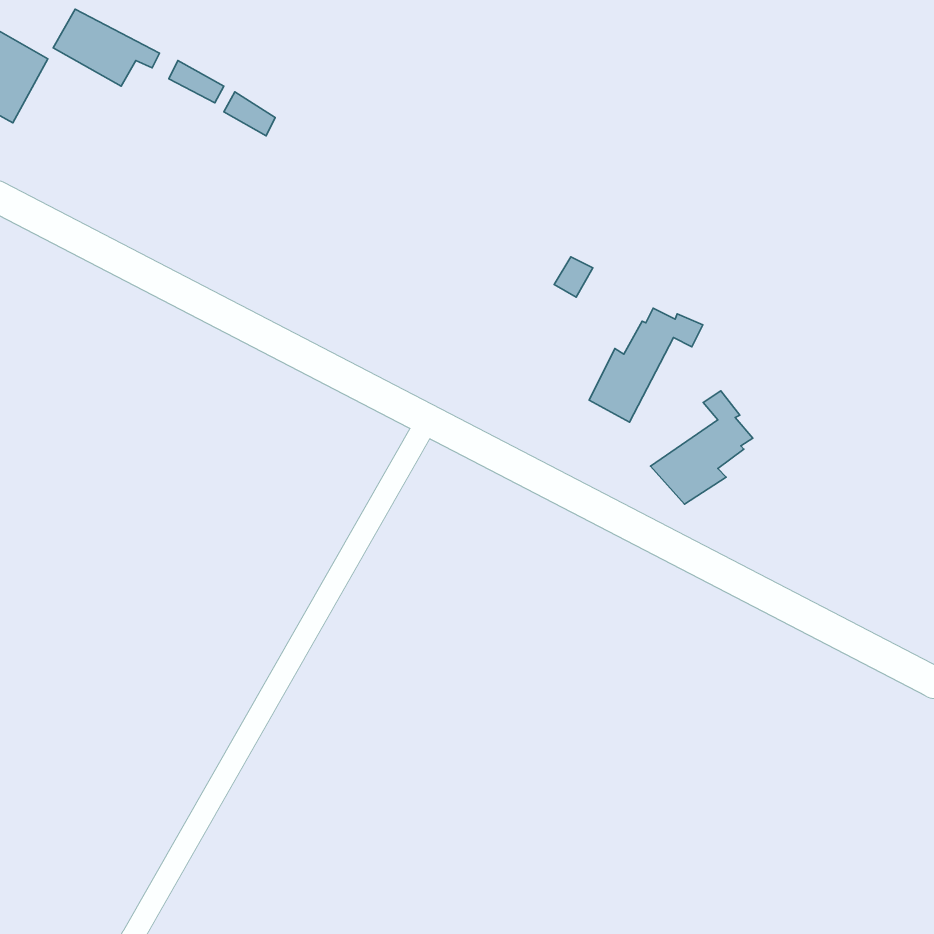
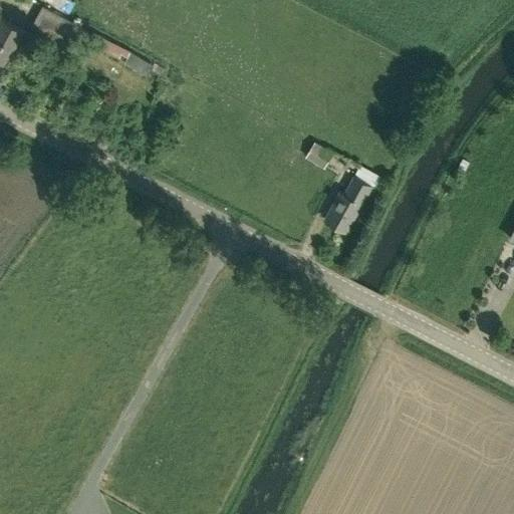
building: [650,391,753,504] -> none

